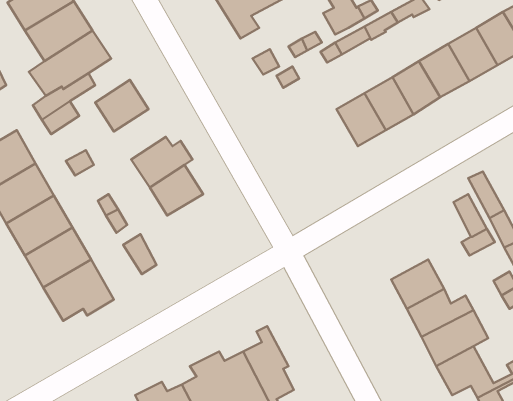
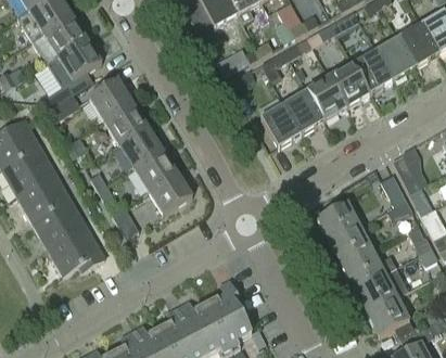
building: none -> [103,102,145,143]
building: none -> [259,102,302,146]
building: none -> [146,171,190,213]
building: none -> [316,201,359,241]

